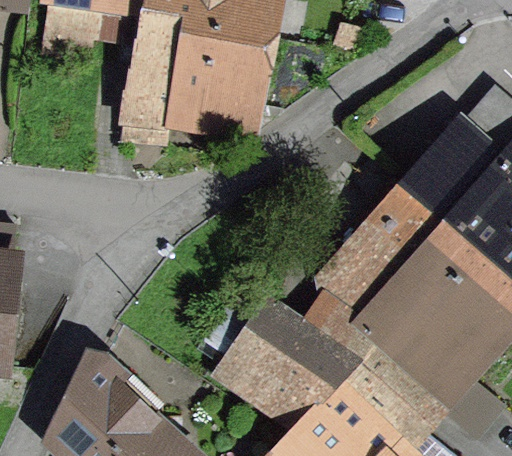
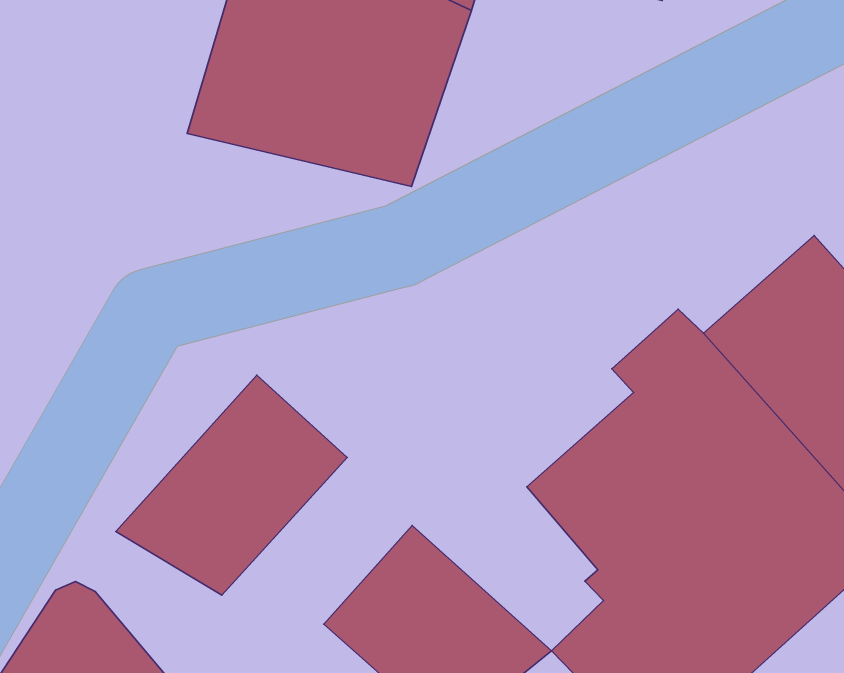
building: none -> [116,375,347,595]

